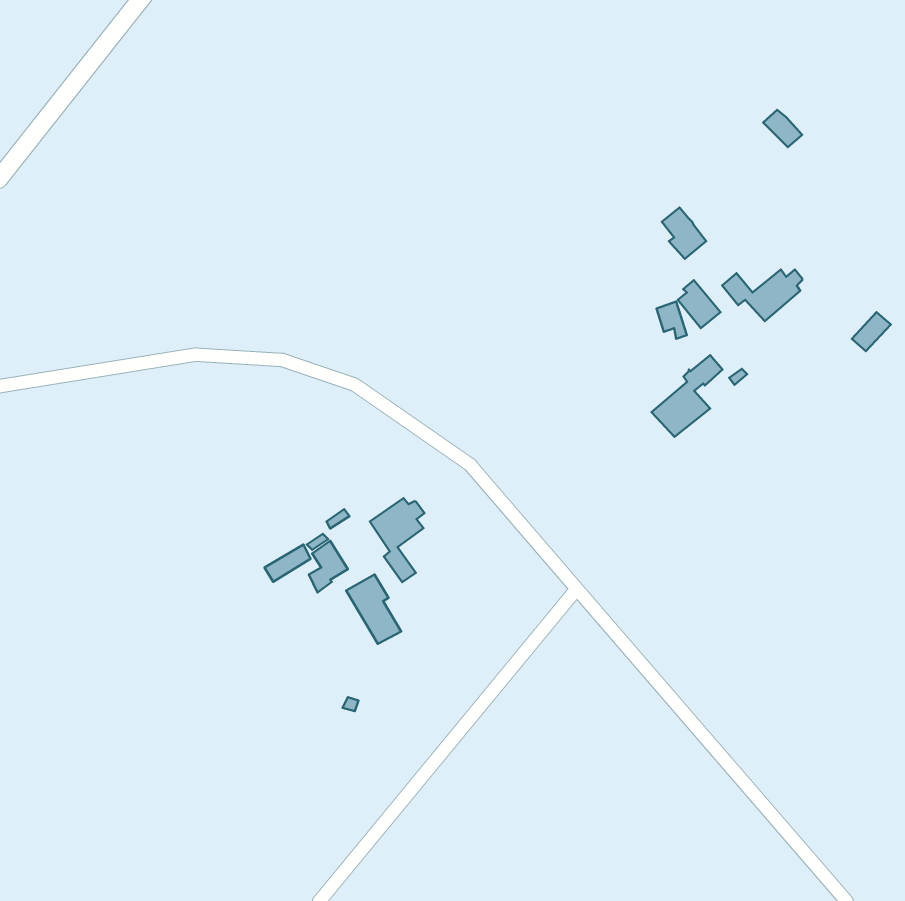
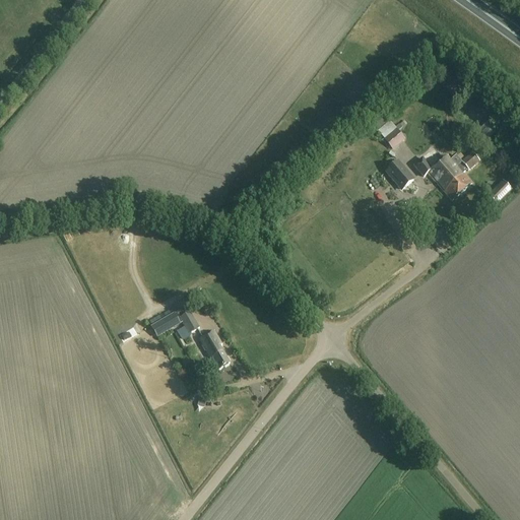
building: [652,355,723,437] -> [438,151,478,198]
building: [370,498,425,582] -> none

